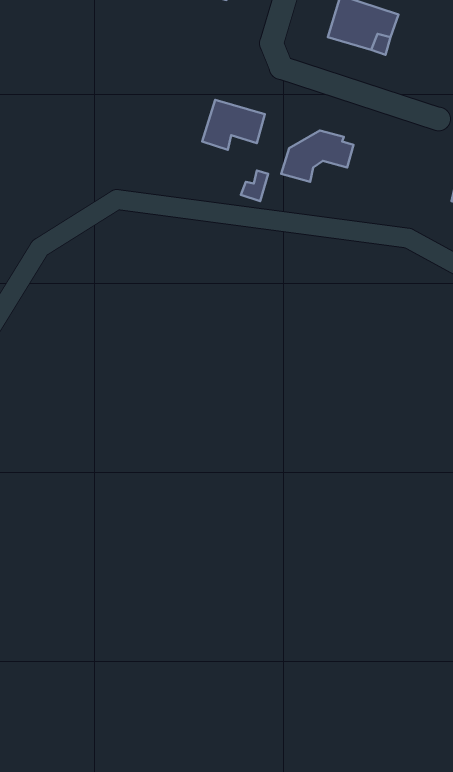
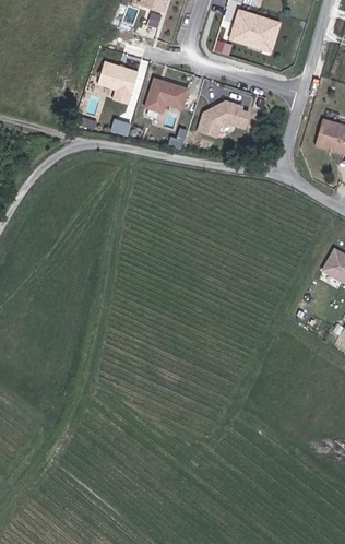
building: none -> [94,59,136,93]

